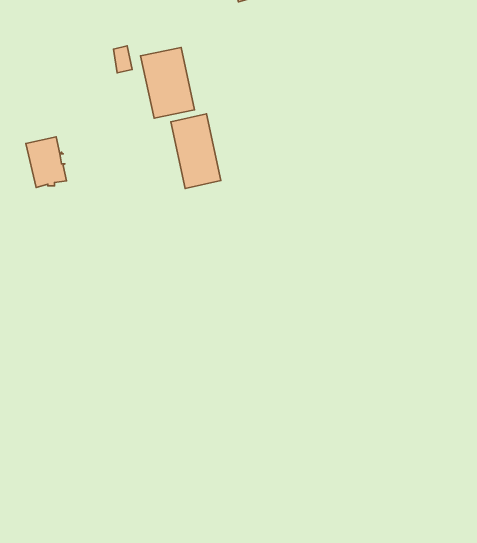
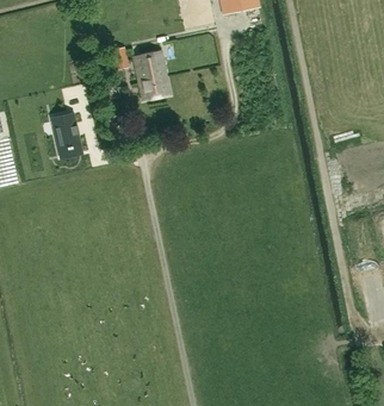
building: [171,114,221,189] -> none

